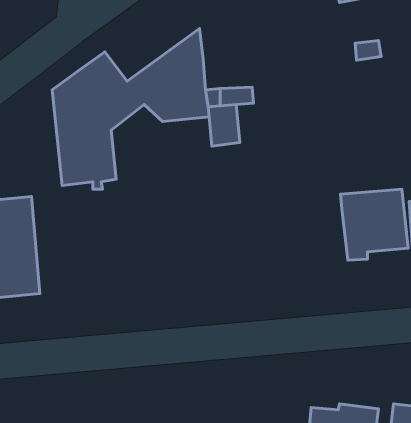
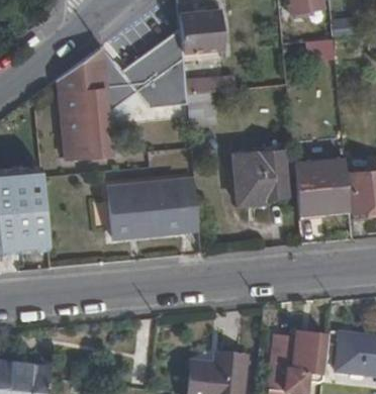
building: none -> [178,12,223,55]
building: none -> [232,144,297,199]
building: none -> [110,177,200,234]

